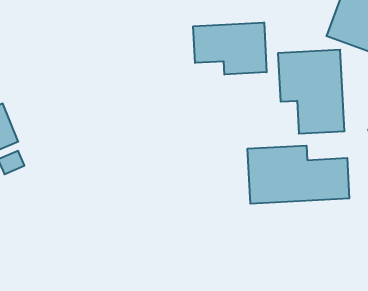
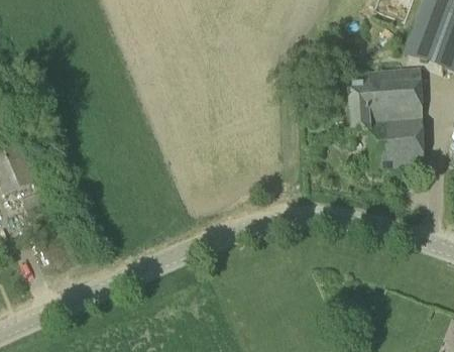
building: [193,22,267,75] -> none
building: [248,146,349,204] -> none

